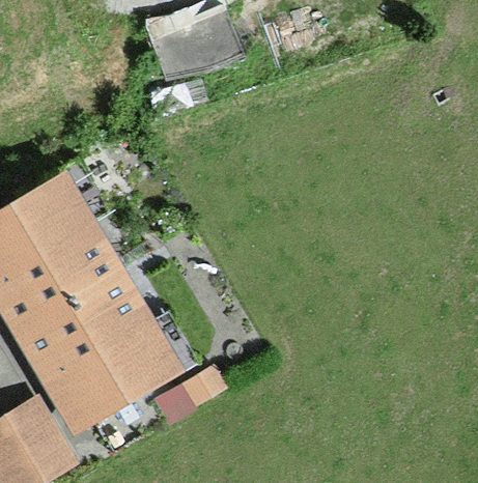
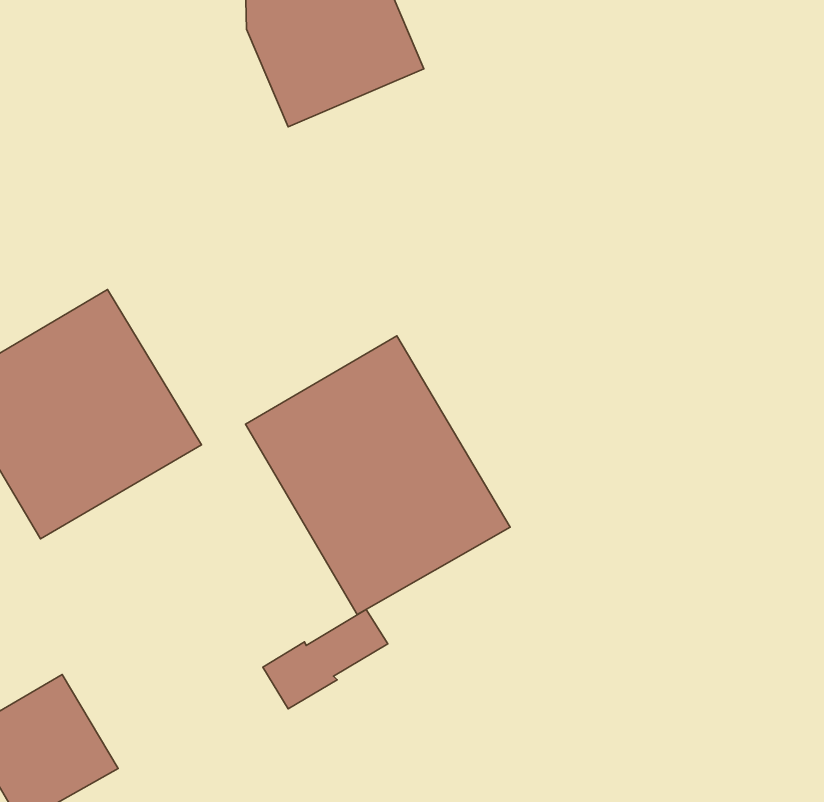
building: none -> [246,336,510,614]
building: [25,268,170,413] -> none

